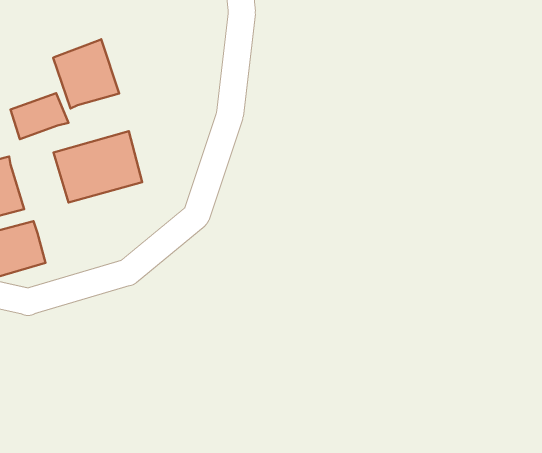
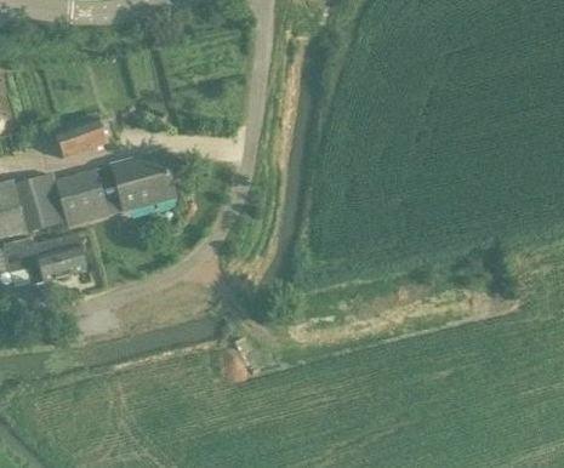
building: [53,39,119,109] -> none
building: none -> [53,171,106,227]

